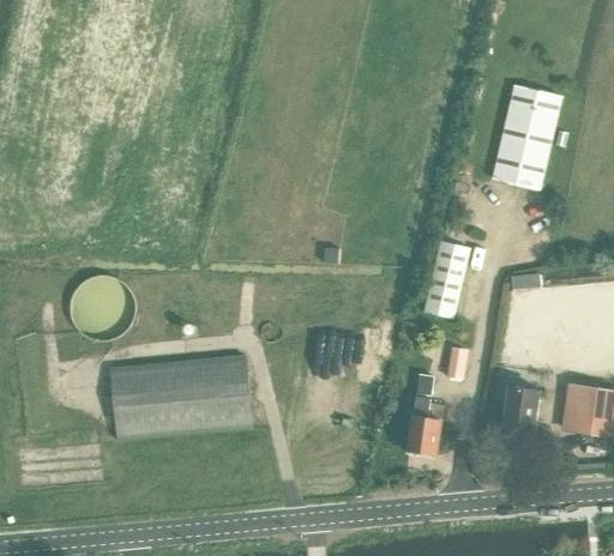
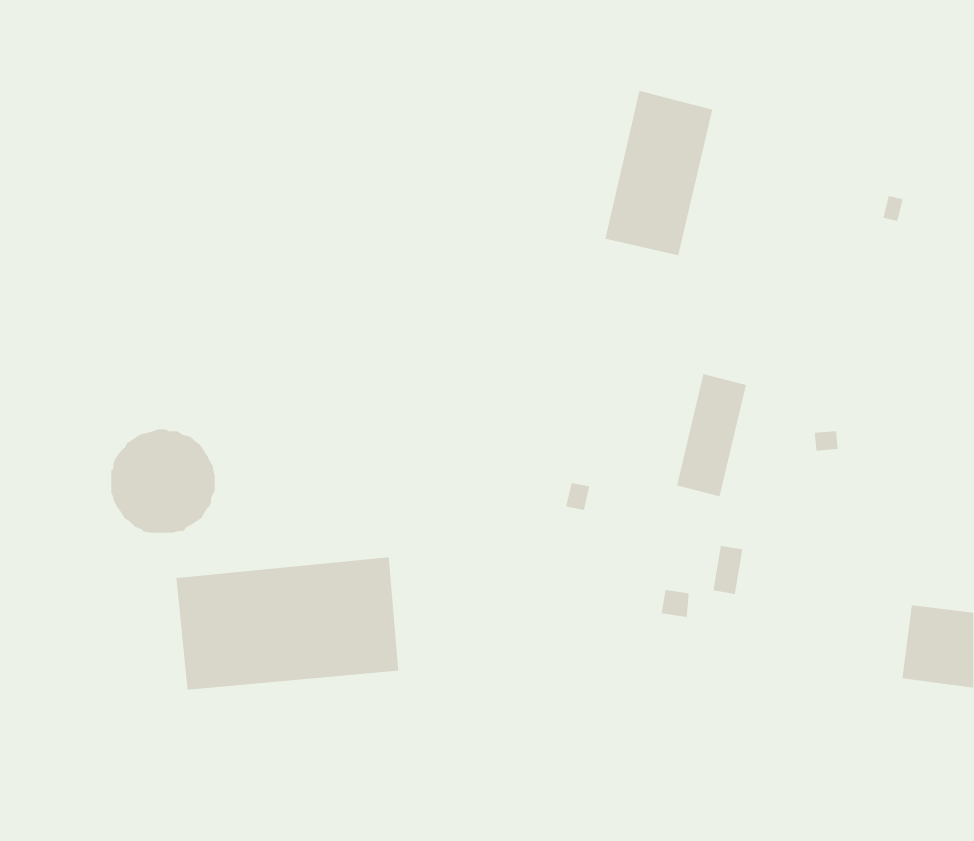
building: [493,84,561,188] -> [604,90,713,256]
building: [501,385,540,434] -> none
building: [407,395,440,455] -> none

